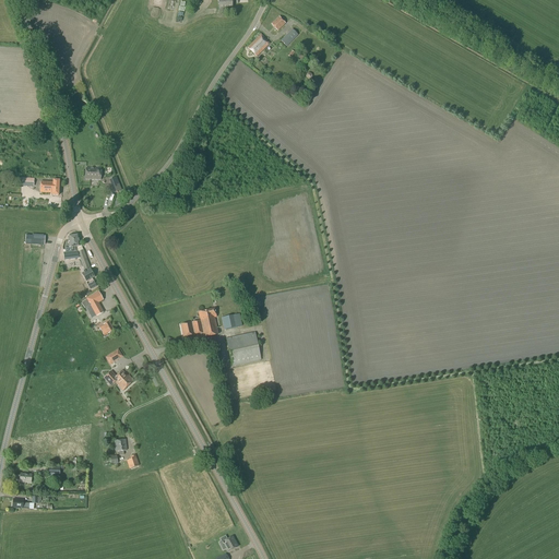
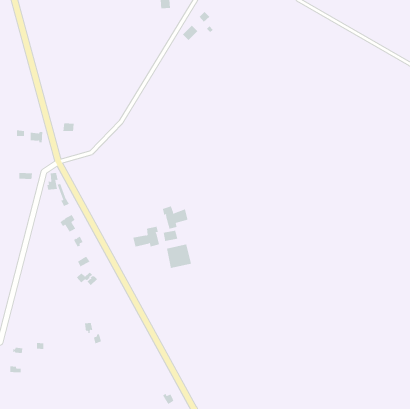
building: none -> [162,206,188,229]

